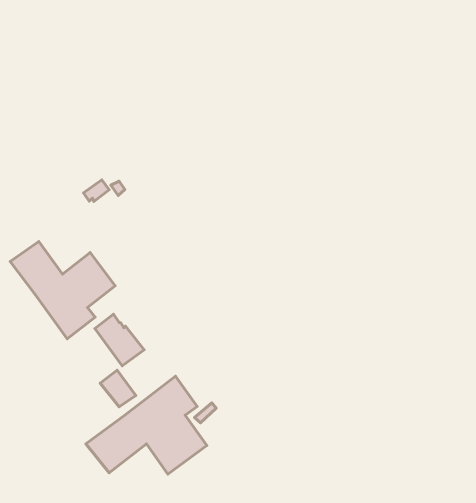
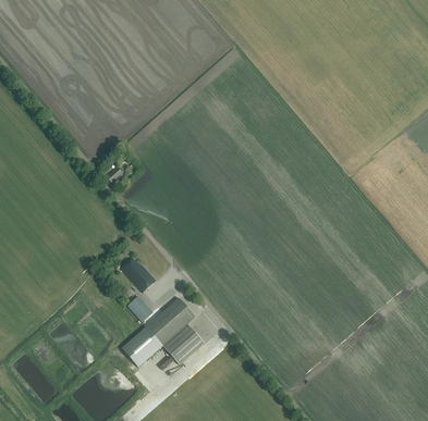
building: [10,241,115,339] -> none

